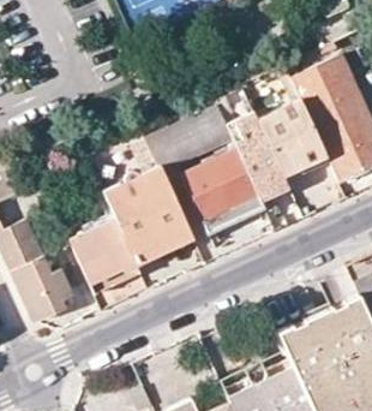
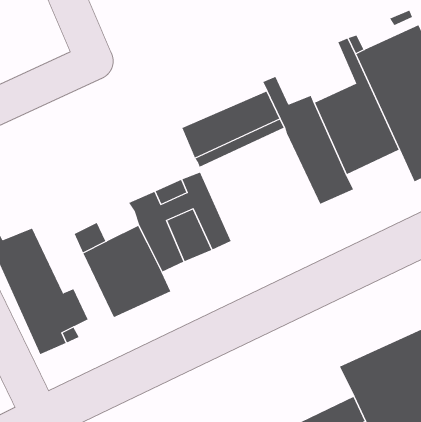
building: [180,143,264,234] -> none

